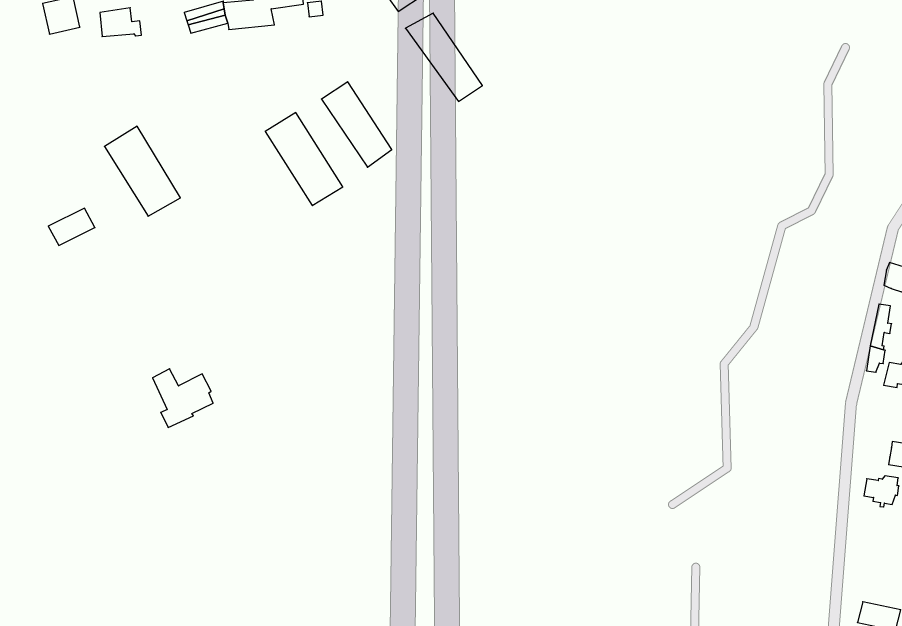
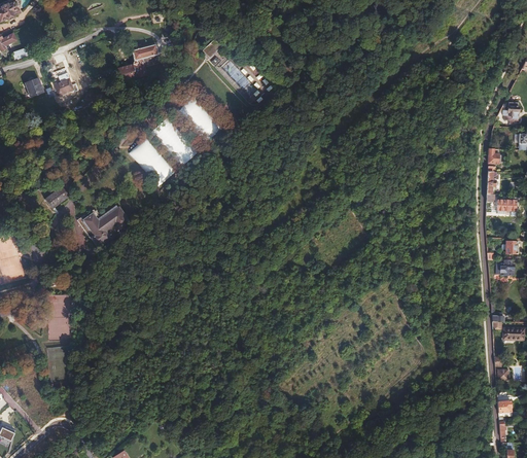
building: [104,126,180,216] -> [130,139,174,185]
building: [153,369,213,427] -> [84,213,118,244]

